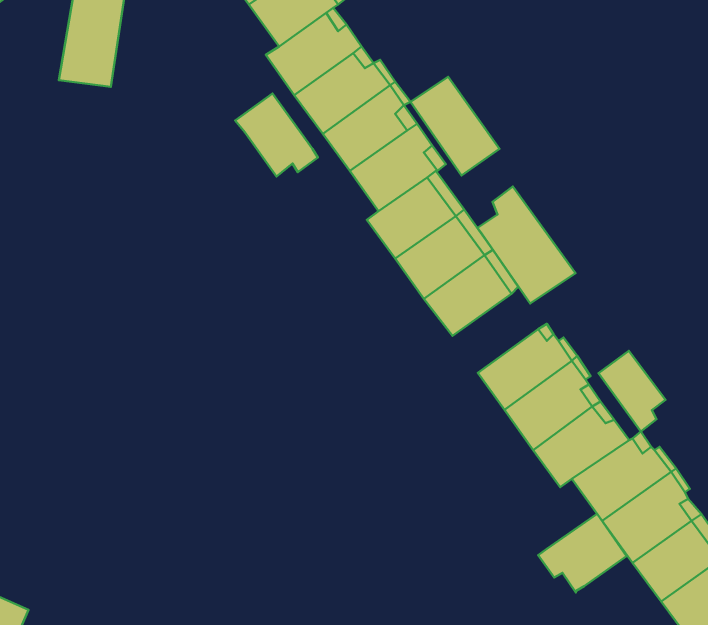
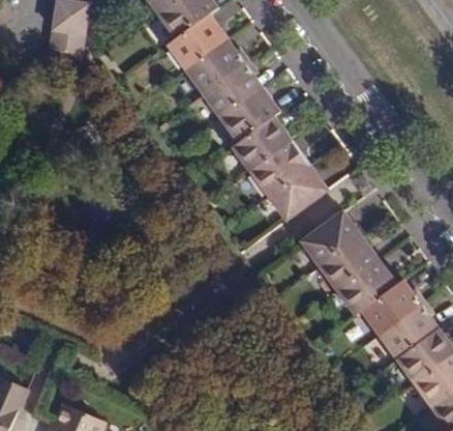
building: [410,77,500,176] -> none
building: [235,94,318,176] -> none
building: [477,187,575,304] -> none
building: [598,351,665,432] -> none
building: [538,514,627,592] -> none

